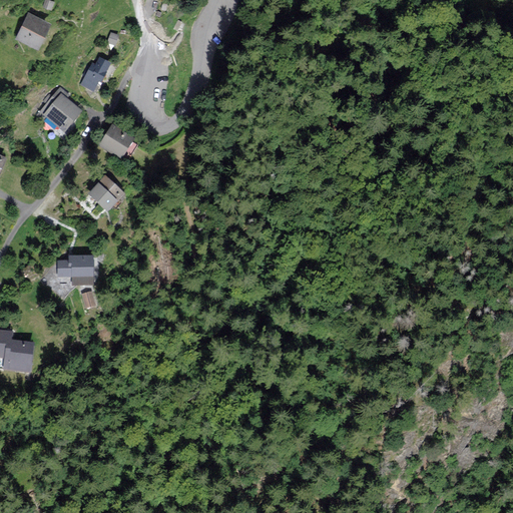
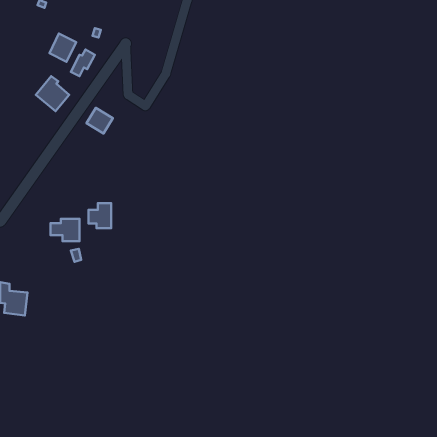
building: [18,15,49,48] -> [50,34,76,62]
building: [91,177,123,208] -> none
building: none -> [88,203,111,228]

